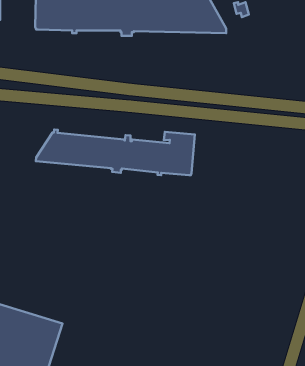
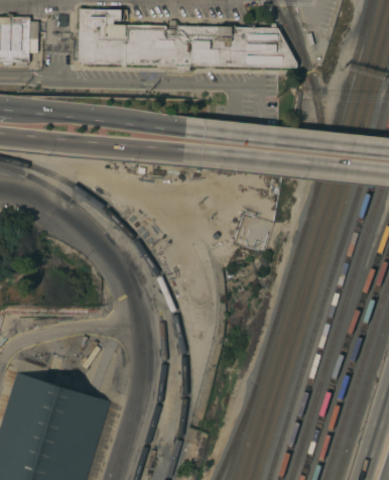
building: [36,129,195,175] -> none

